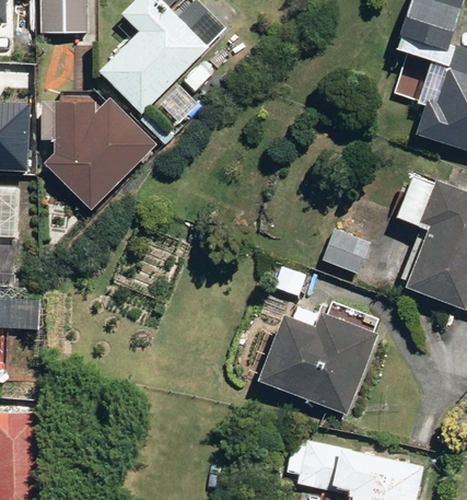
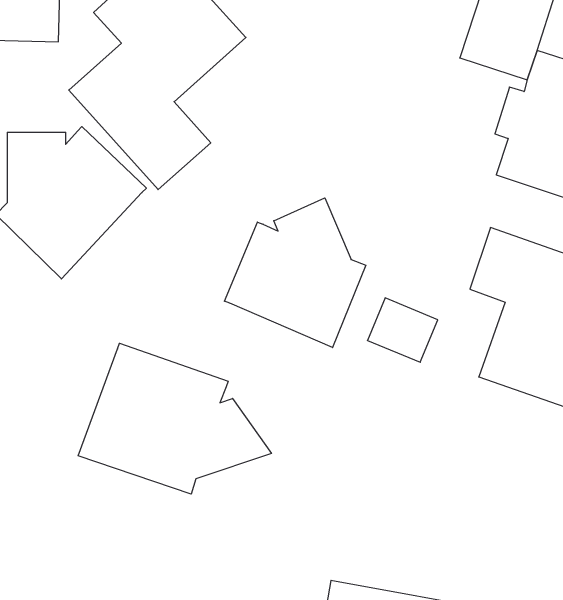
building: none -> [224,198,366,348]
building: none -> [78,343,271,494]
building: [255,312,375,414] -> none

